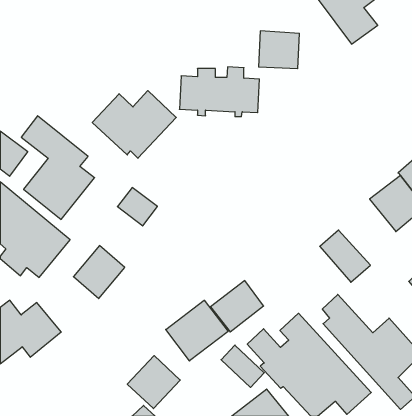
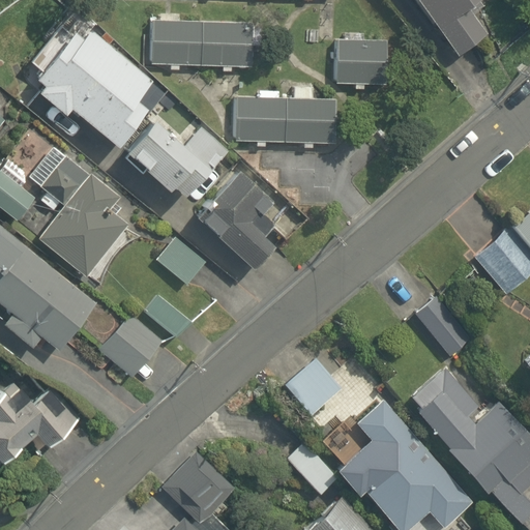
building: none -> [152,19,261,71]
building: none -> [30,31,155,152]
building: none -> [192,174,272,274]
building: [166,300,228,361] -> none

